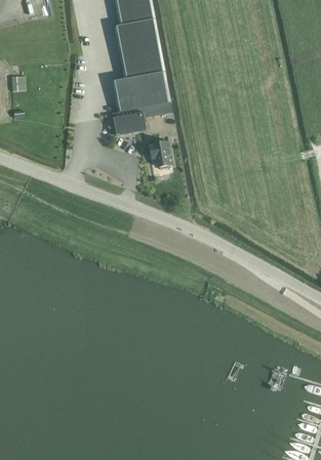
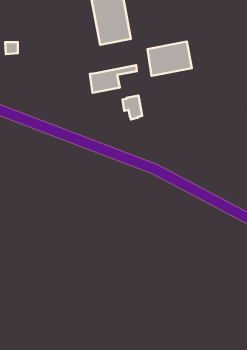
building: [115,71,168,112] -> [147,42,192,76]

